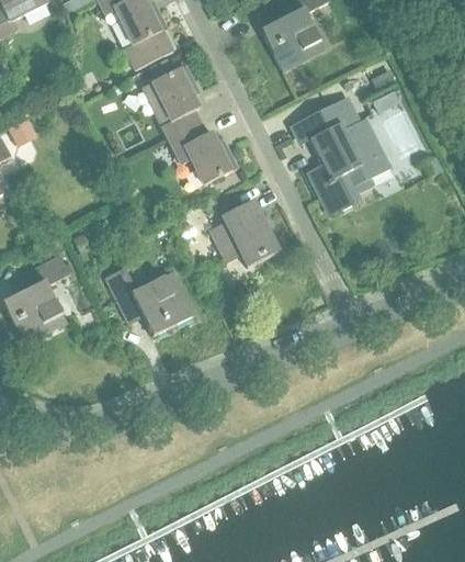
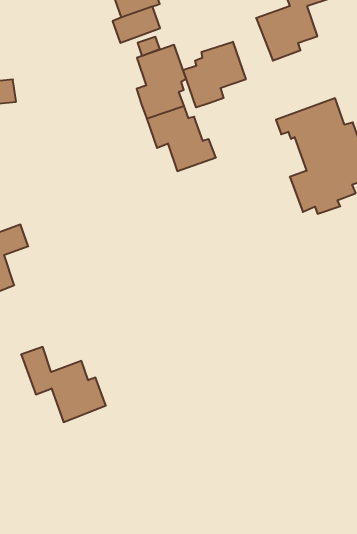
building: none -> [183,42,246,107]
building: [209,200,279,267] -> none
building: [104,267,191,336] -> [21,347,106,422]

